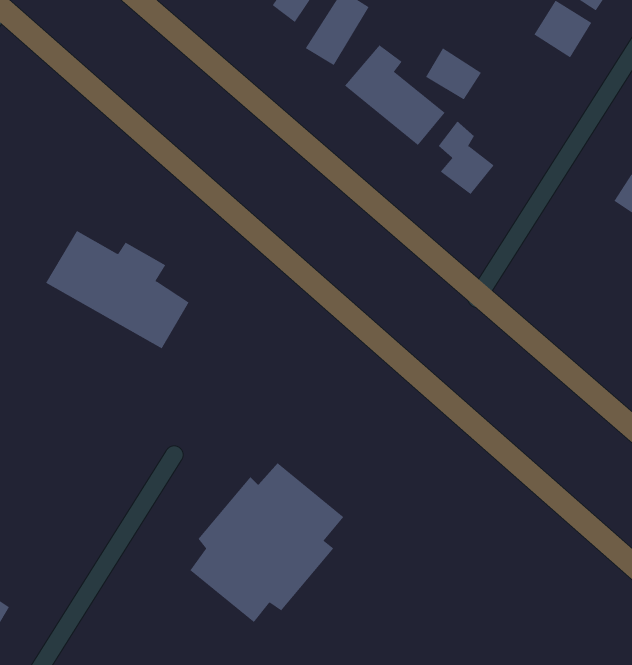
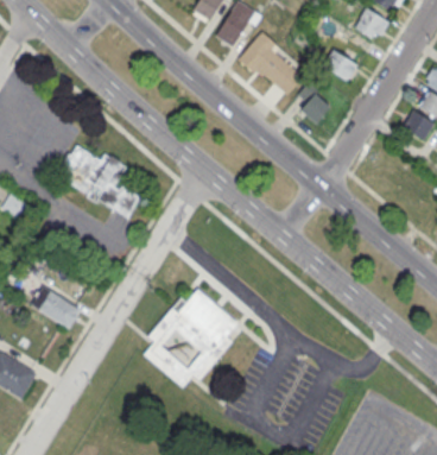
building: [425,47,482,100] -> [323,48,357,80]
building: none -> [34,287,80,327]

